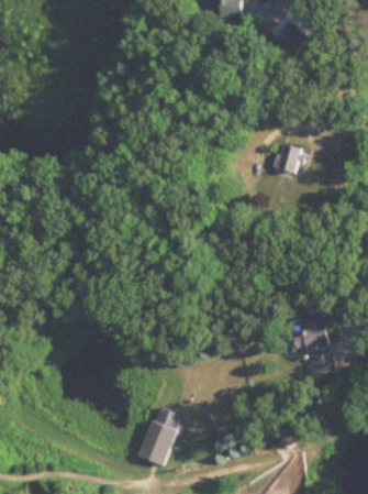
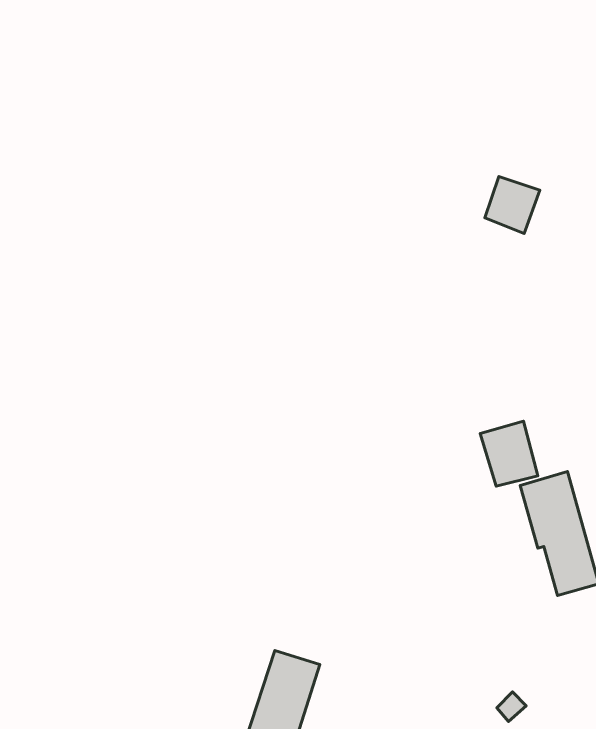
building: none -> [480,421,538,486]

